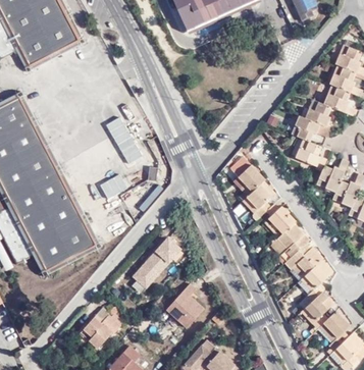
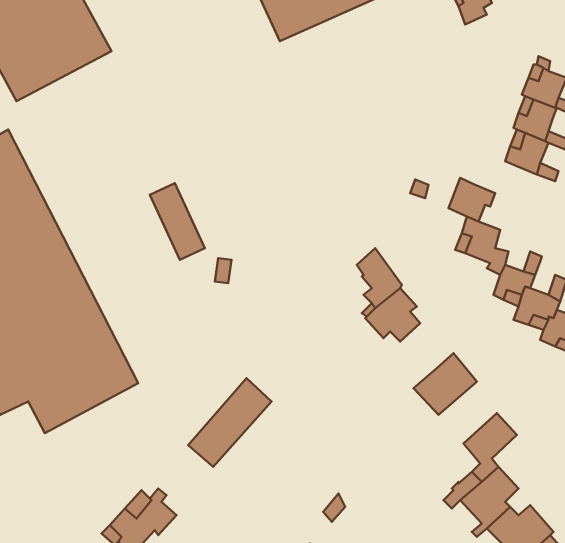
building: [307,101,333,129] -> none
building: [100,174,128,200] -> none
building: [258,204,295,231] -> none
building: [284,241,322,277] -> none
building: [167,284,205,330] -> none

